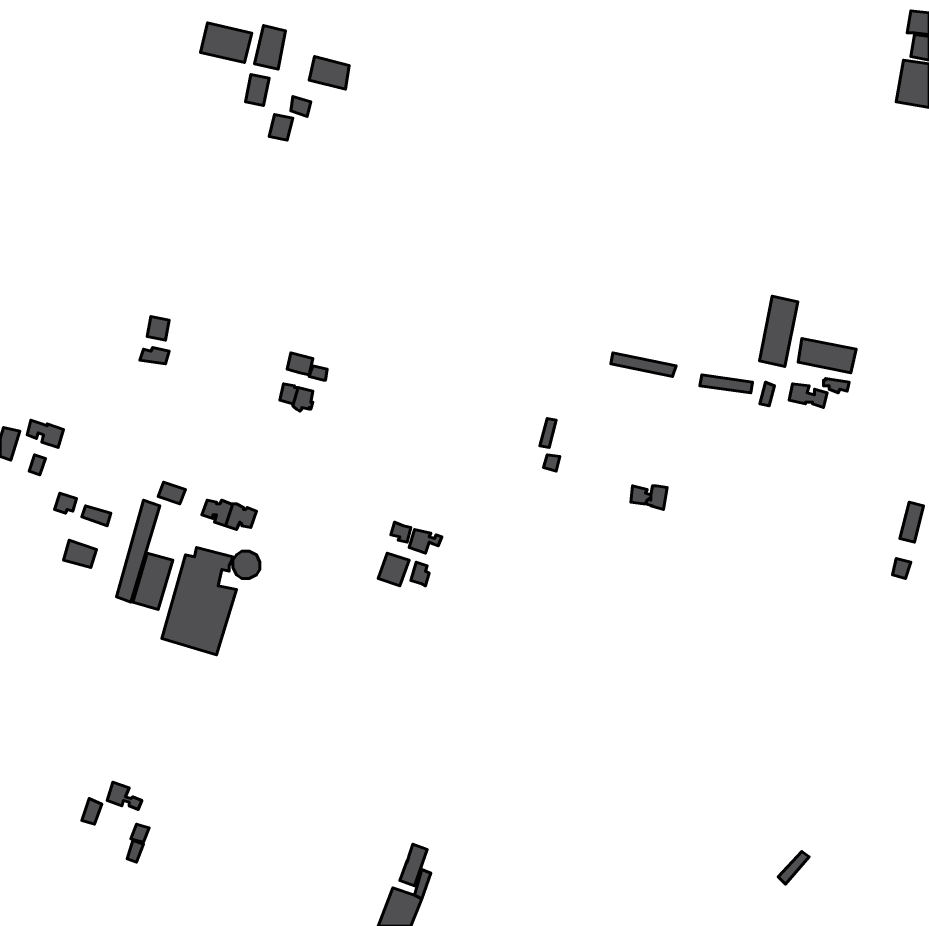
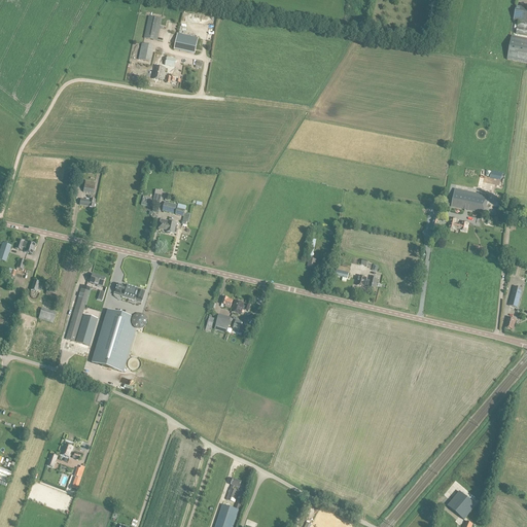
building: [201,23,252,63] -> none
building: [759,296,798,366] -> none
building: none -> [448,490,477,518]

